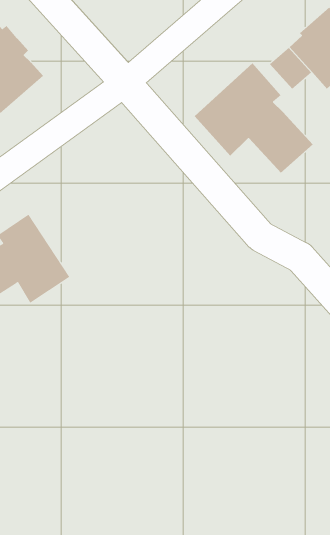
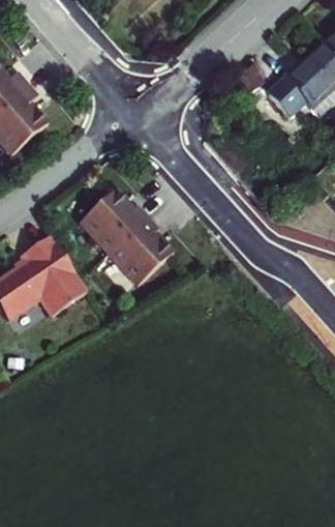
building: [194,63,313,174] -> none
building: none -> [75,189,171,286]

